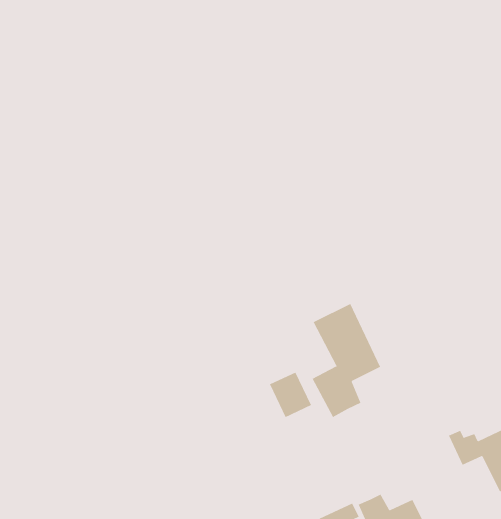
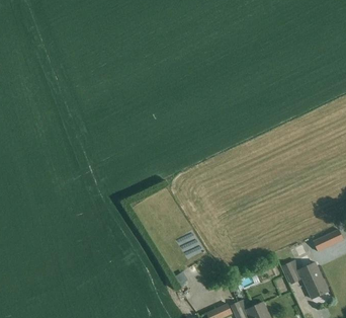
building: [312,303,381,418] -> none

